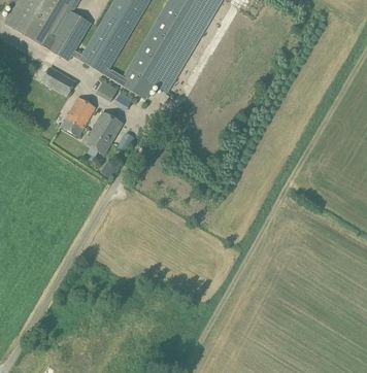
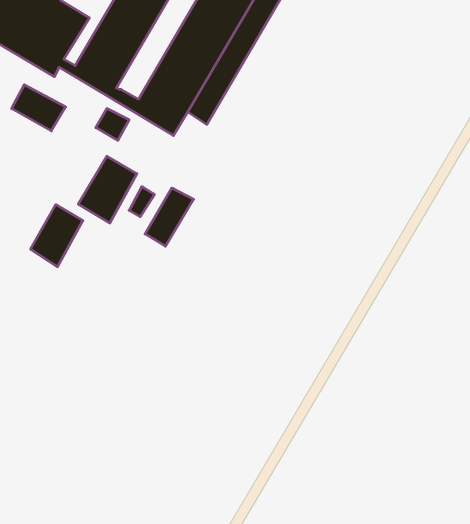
building: [62,96,96,136] -> [31,205,83,267]
building: none -> [145,188,194,246]

